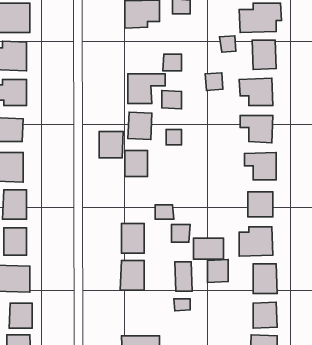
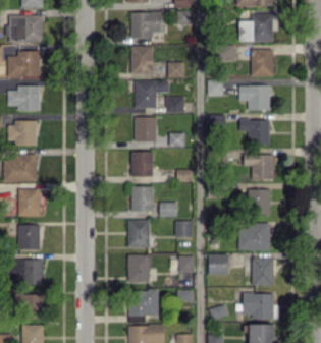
building: none -> [131,46,153,73]
building: [99,132,123,158] -> [131,186,154,211]
building: [193,238,223,259] -> none
building: none -> [128,289,159,316]

